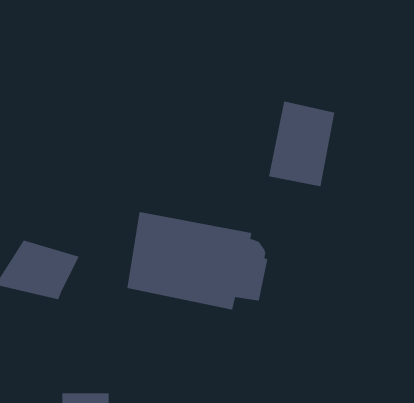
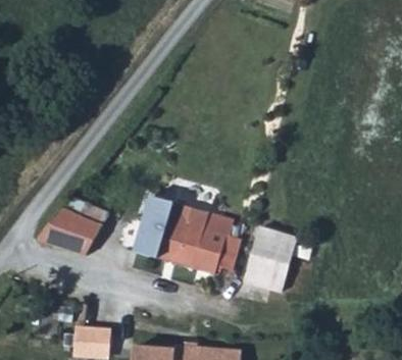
building: [268,101,335,187] -> [241,225,295,292]

